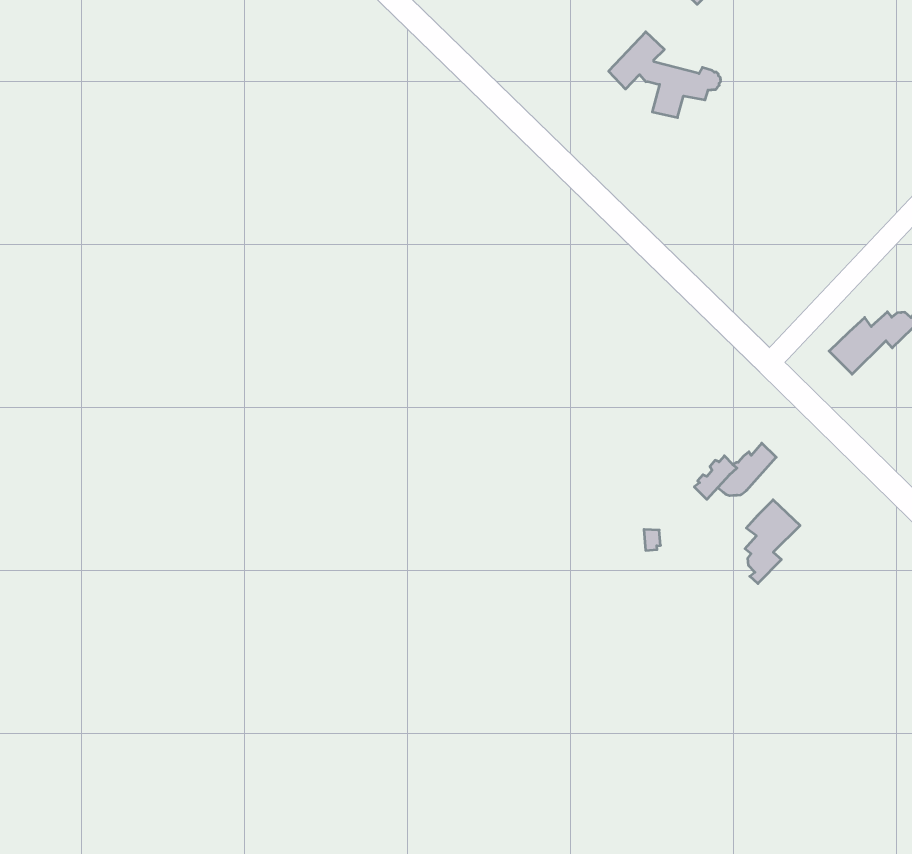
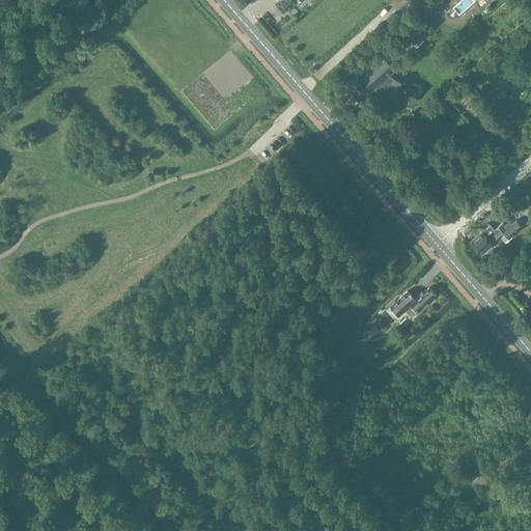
building: [745,500,800,584] -> none

